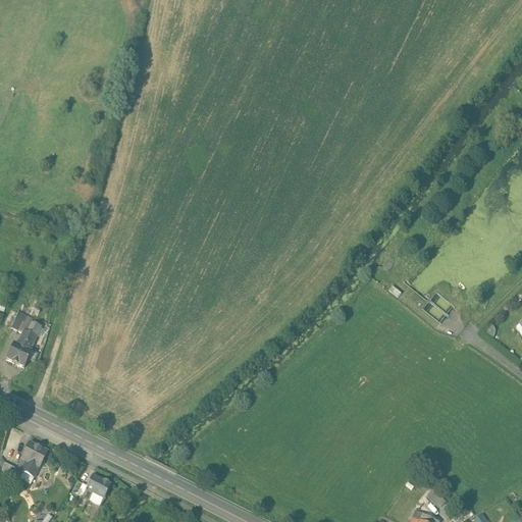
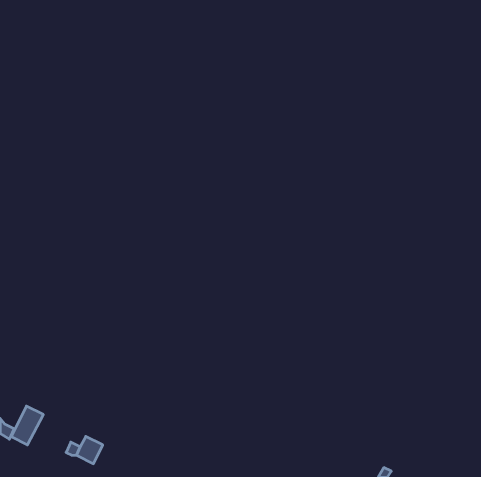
building: [7,319,42,363] -> none

